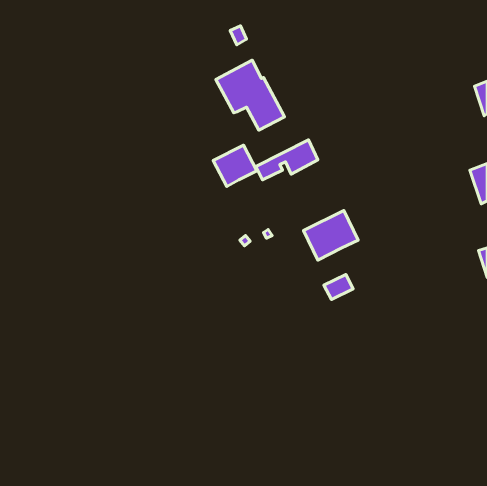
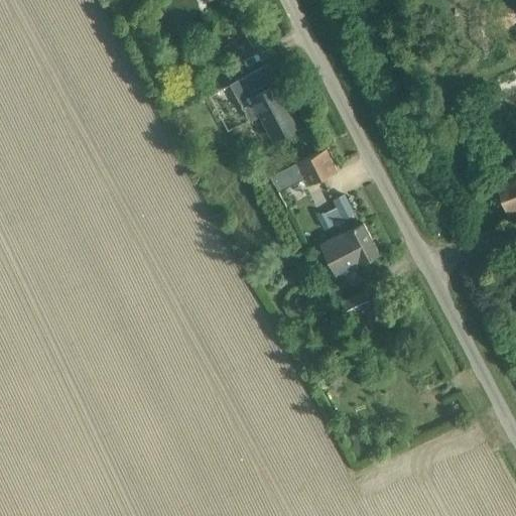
building: [213,145,257,186] -> none
building: none -> [314,197,354,233]

